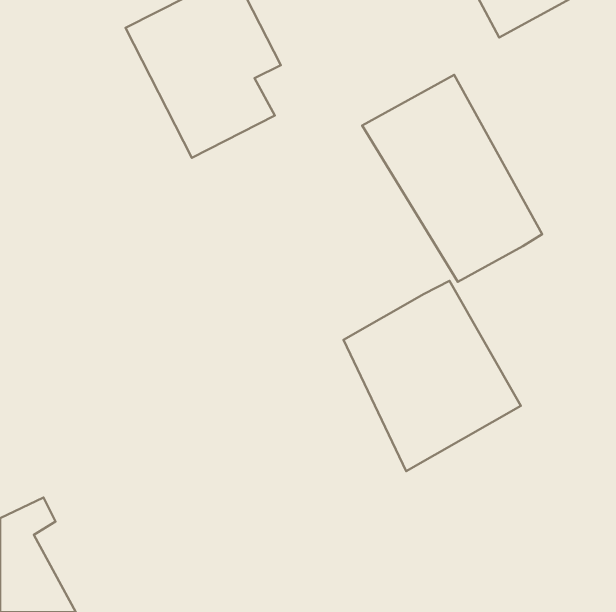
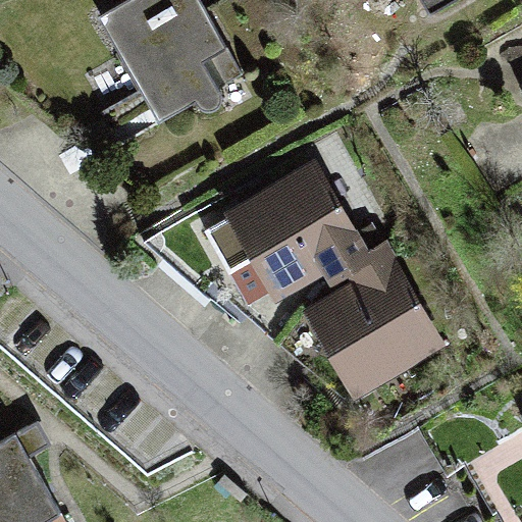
building: [362,75,542,282] -> none
building: none -> [217,157,359,303]

